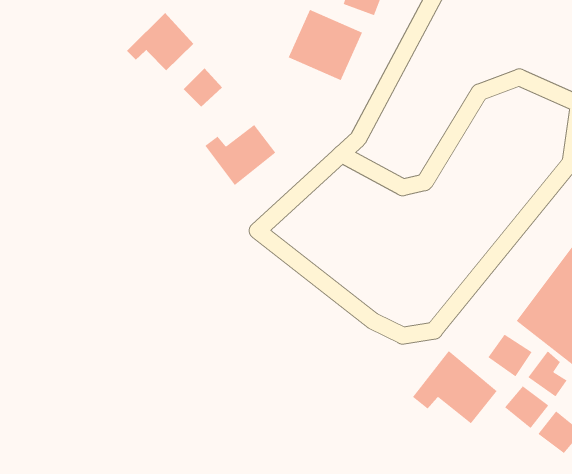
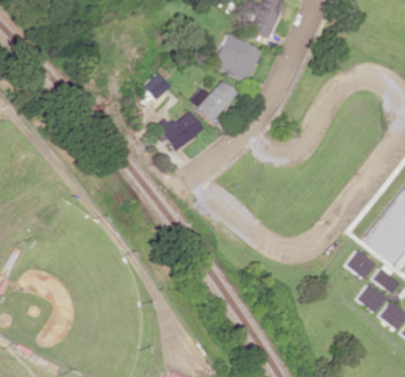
building: [126,12,194,71] -> none
building: none -> [189,80,237,122]
building: [412,350,498,424] -> none

